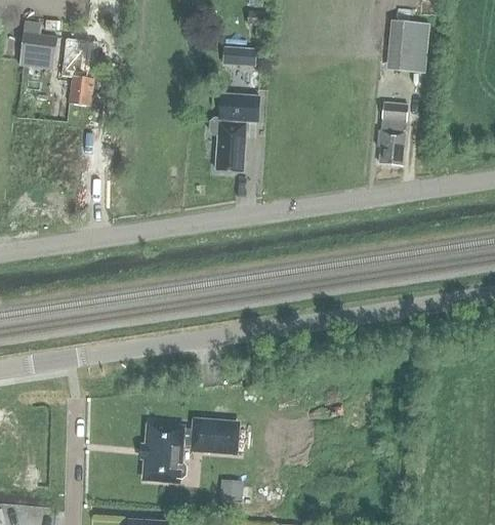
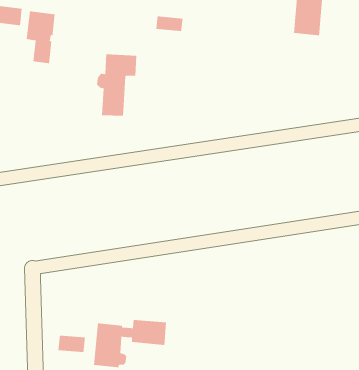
building: [209,92,259,169] -> [96,54,137,116]
building: [376,100,407,163] -> none
building: none -> [58,335,85,353]

